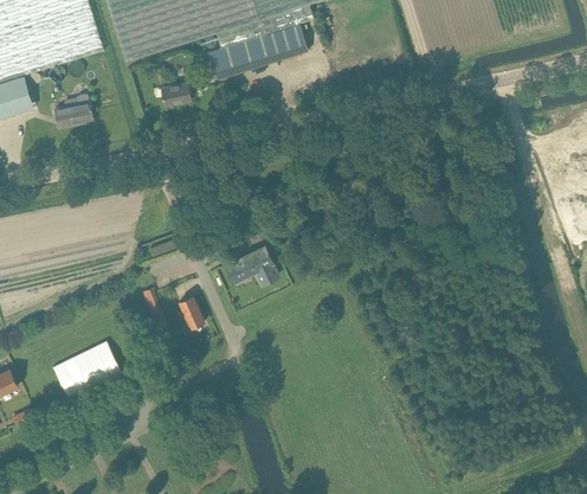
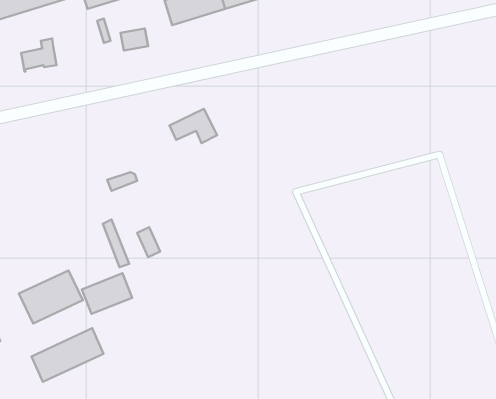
building: [227,245,278,282] -> [170,109,217,143]
building: none -> [82,273,132,314]
building: none -> [32,328,104,382]

